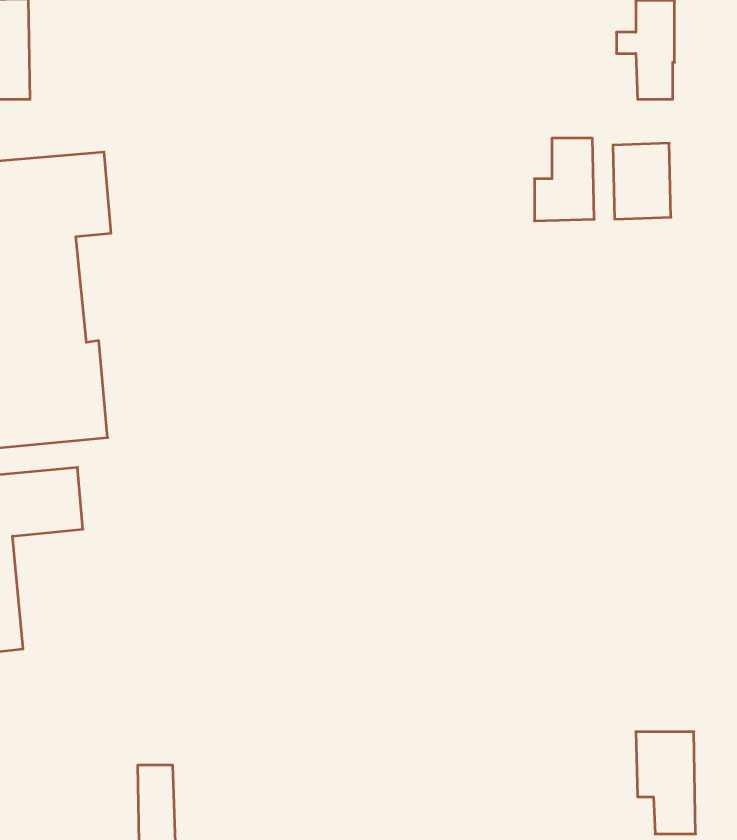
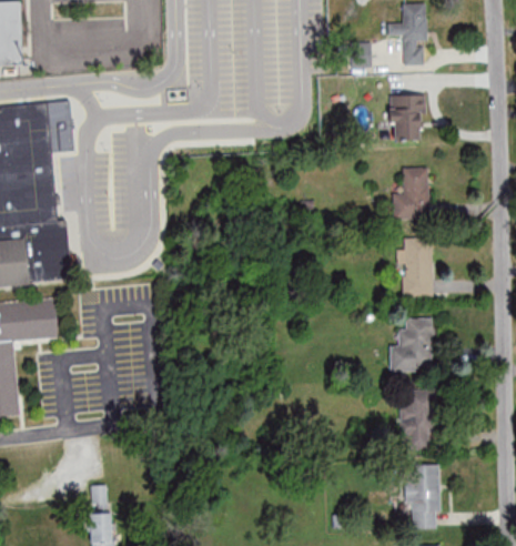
building: [534,138,594,221] -> [392,168,429,220]
building: none -> [399,237,434,296]
building: none -> [389,319,433,372]
building: none -> [399,391,434,449]

